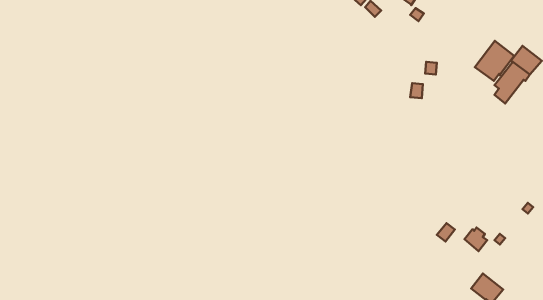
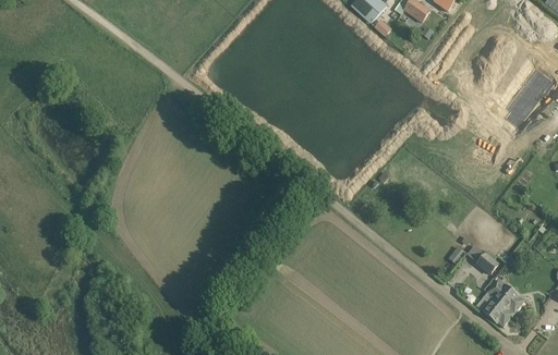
building: [475,41,514,81] -> none
building: none -> [487,278,524,313]

